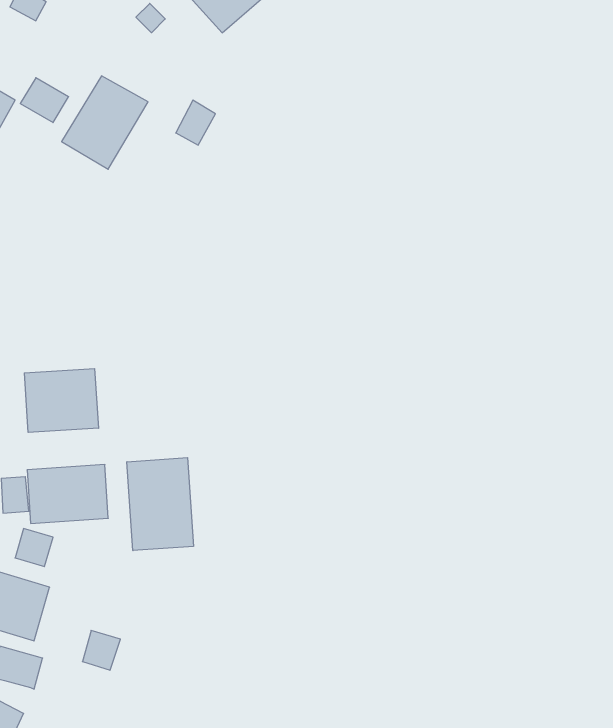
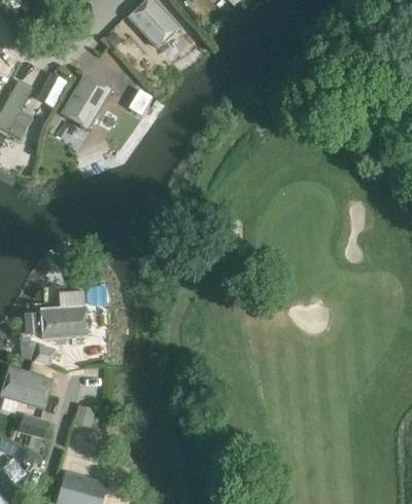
building: [24,369,99,432] -> none
building: [127,458,193,551] -> none

